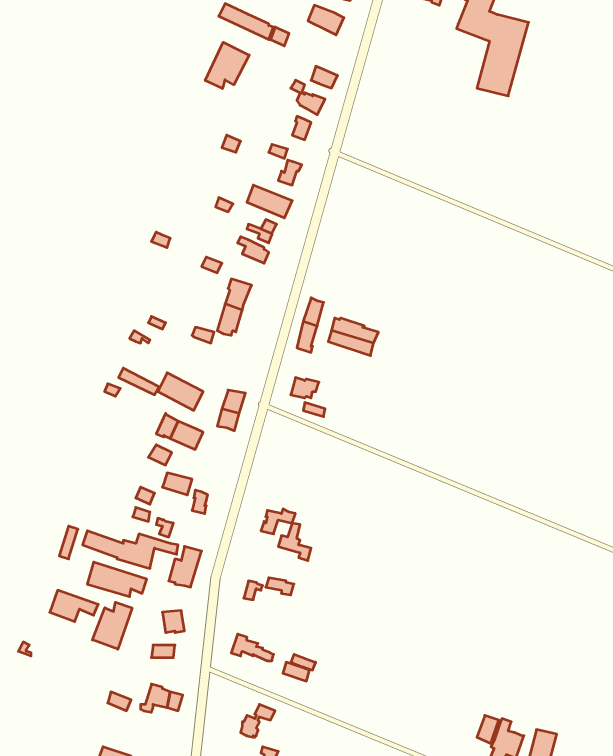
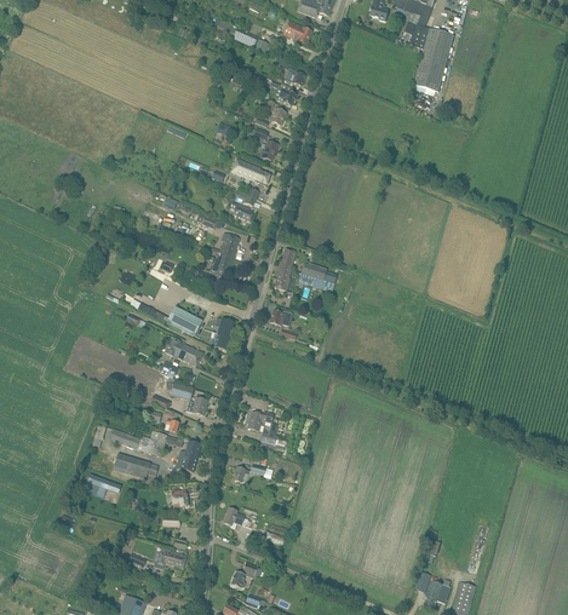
building: [205,42,249,89] -> none
building: [92,602,132,649] -> none

